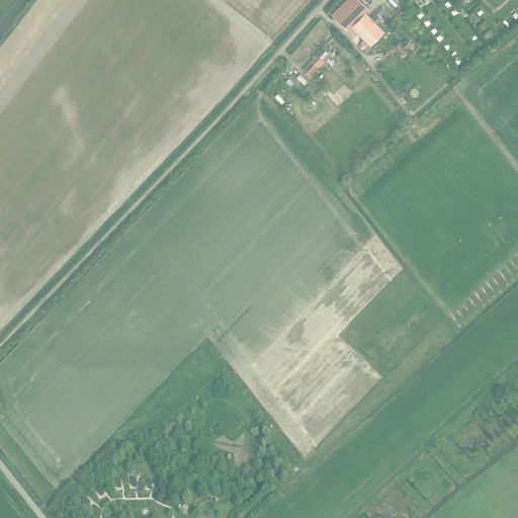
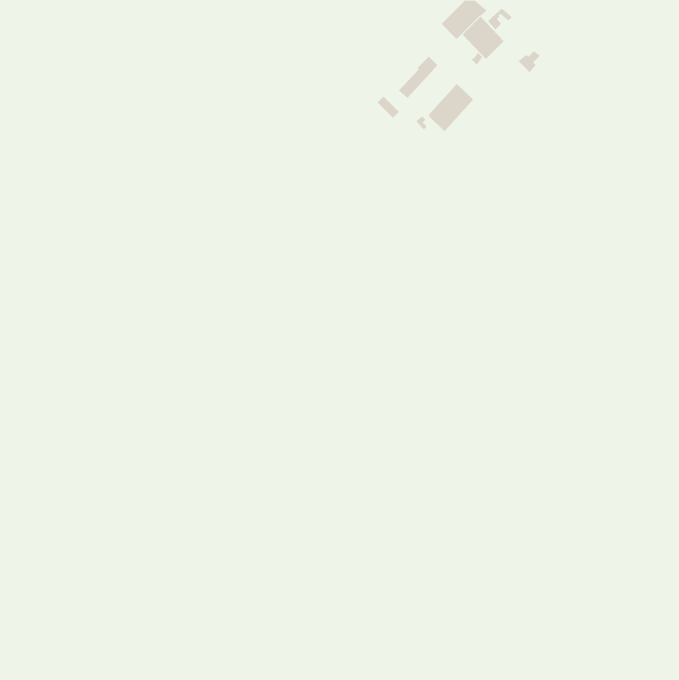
building: none -> [428,83,474,132]

